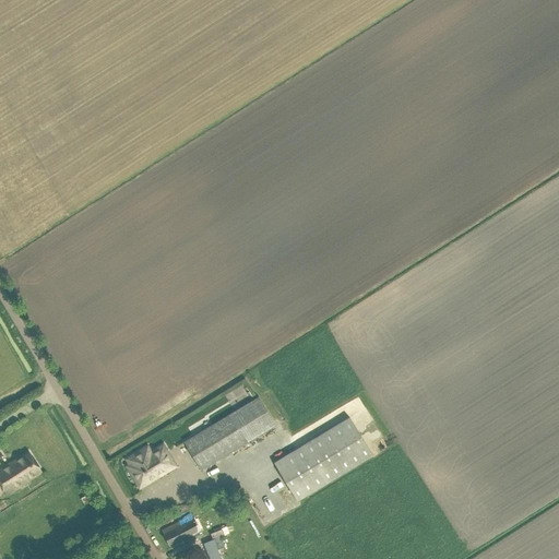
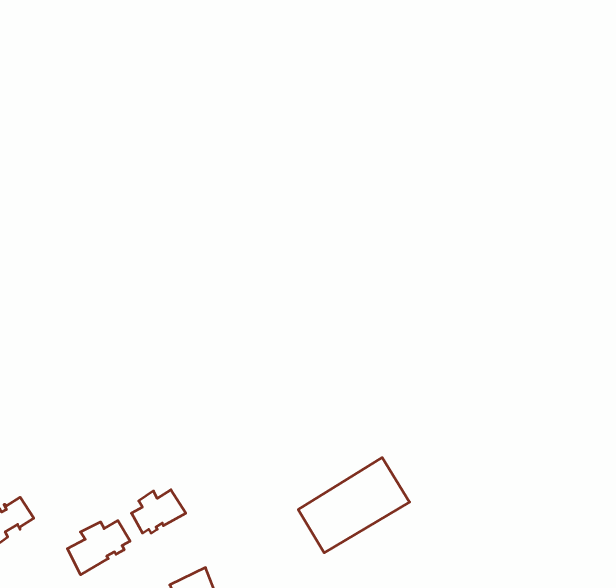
building: [183,395,275,469] -> none
building: none -> [67,521,130,575]

